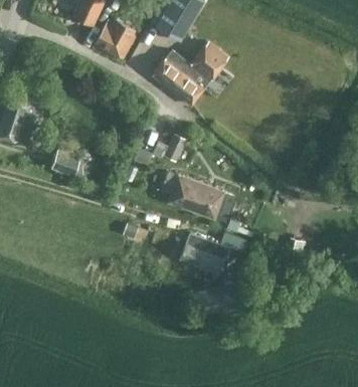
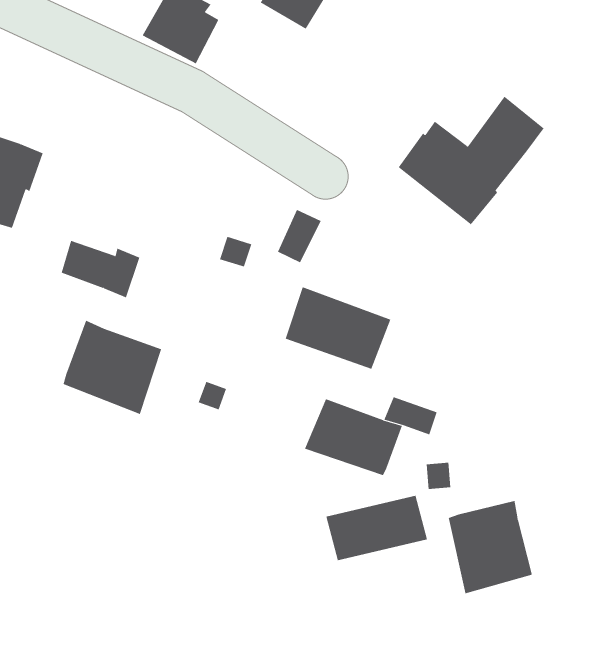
building: [152,38,228,106] -> [398,96,545,225]
building: none -> [63,320,162,415]
building: none -> [448,500,533,594]

